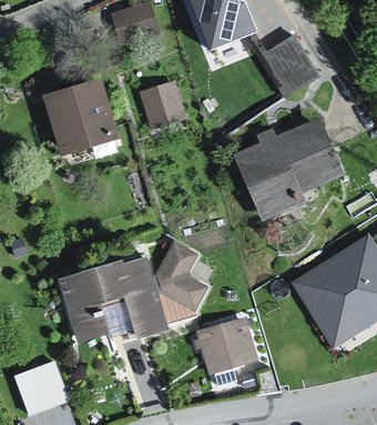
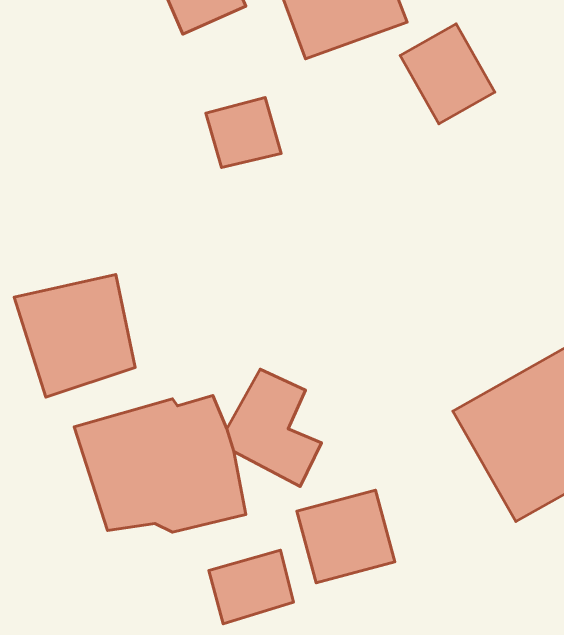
building: [38,81,114,159] -> [14,275,135,397]
building: [235,128,346,222] -> none
building: [18,353,73,408] -> none
building: none -> [209,550,294,624]

